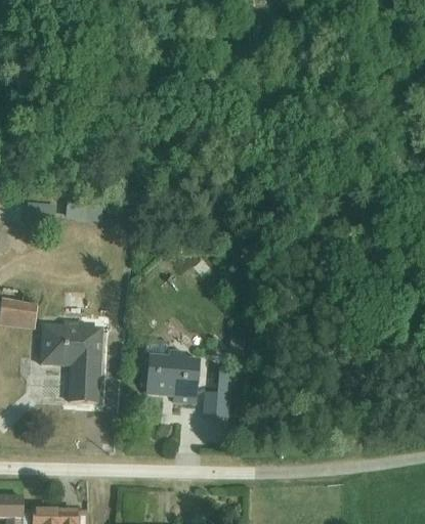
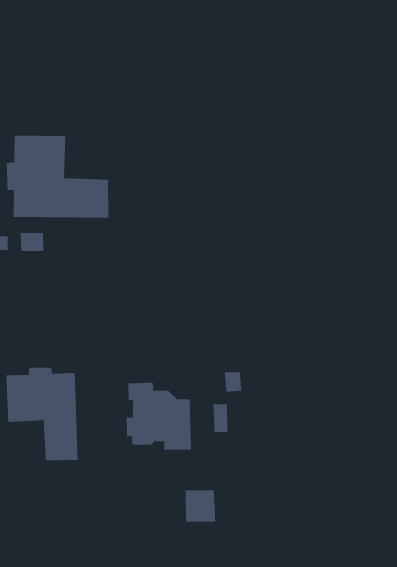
building: none -> [6,135,109,218]
building: [203,388,230,418] -> [185,490,216,522]

